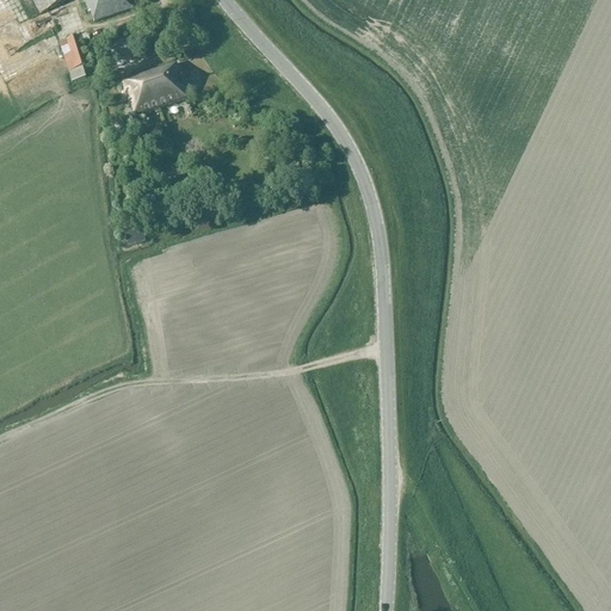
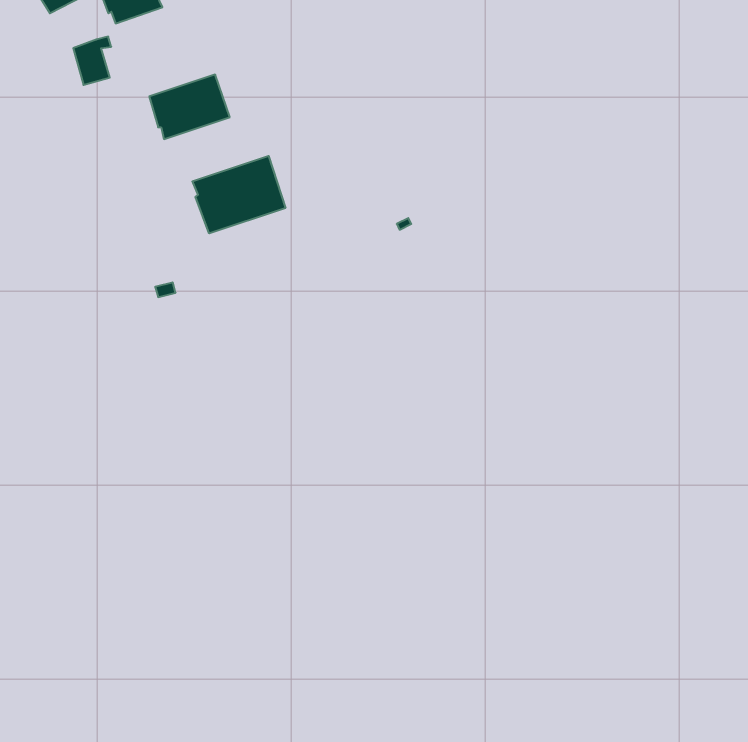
building: none -> [192,156,285,233]

